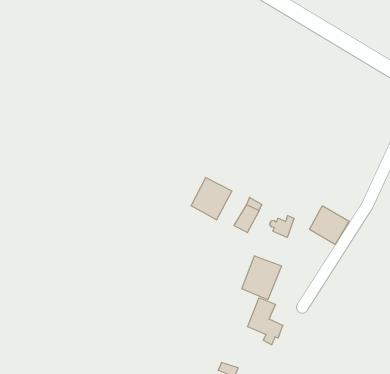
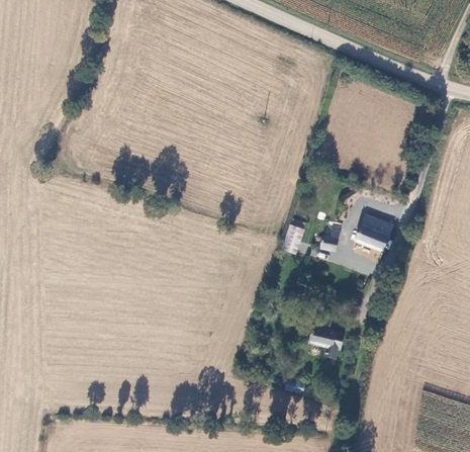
building: [191,177,232,220] -> none
building: [242,256,282,300] -> none

